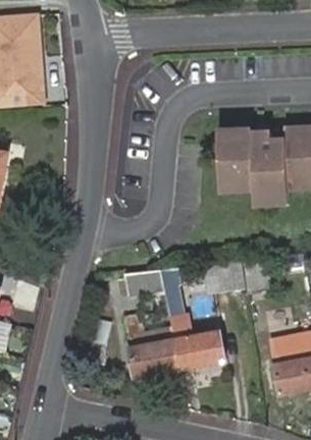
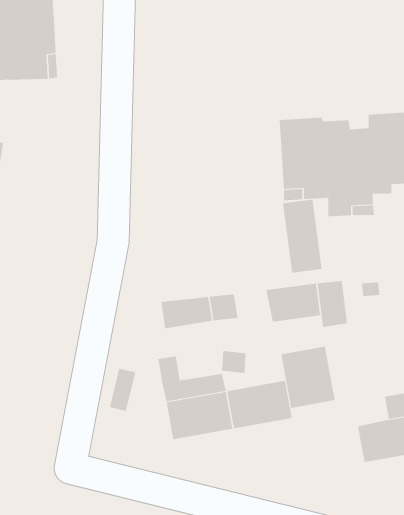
building: none -> [283,199,322,273]
building: none -> [281,346,335,409]

